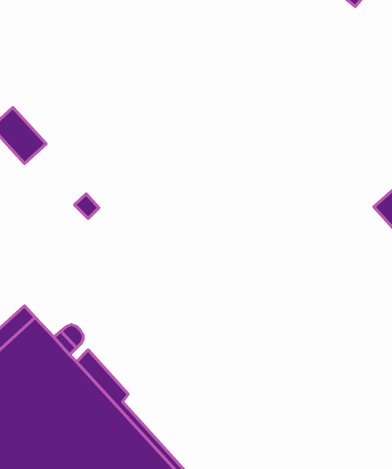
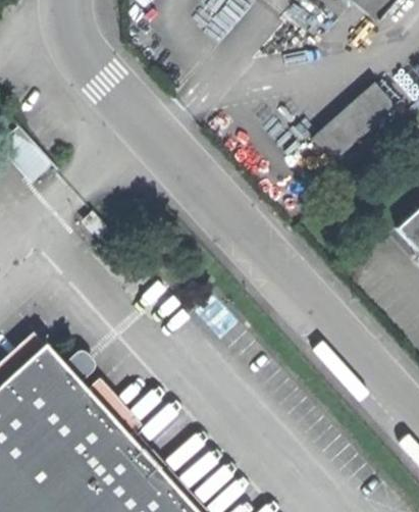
building: none -> [311,88,392,165]

